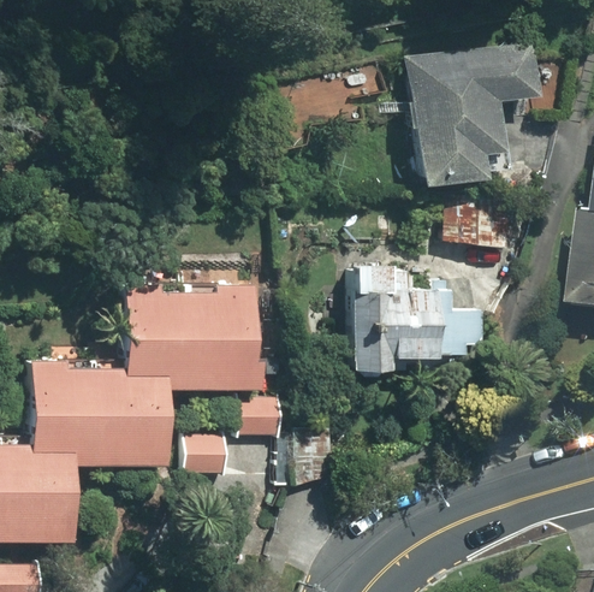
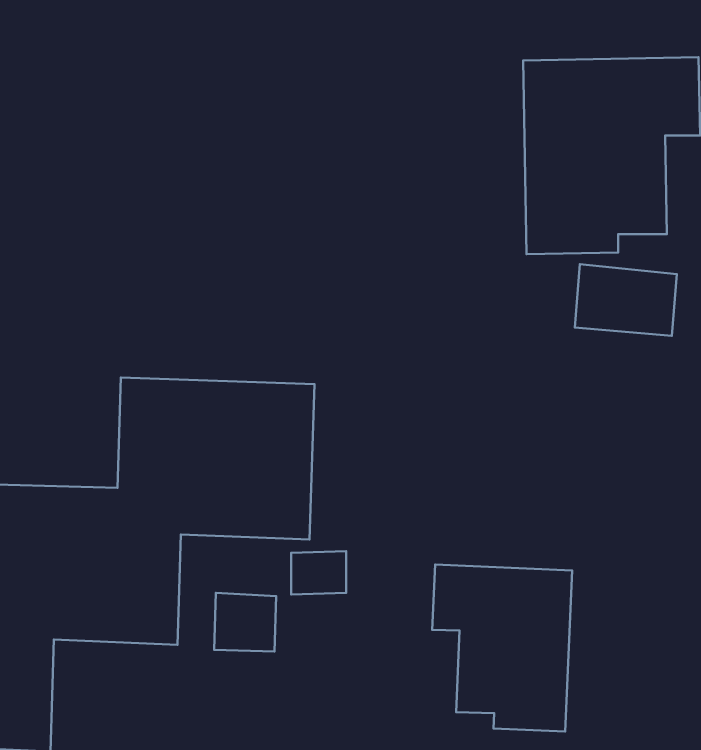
building: [345,262,512,377] -> none
building: none -> [432,565,572,732]

